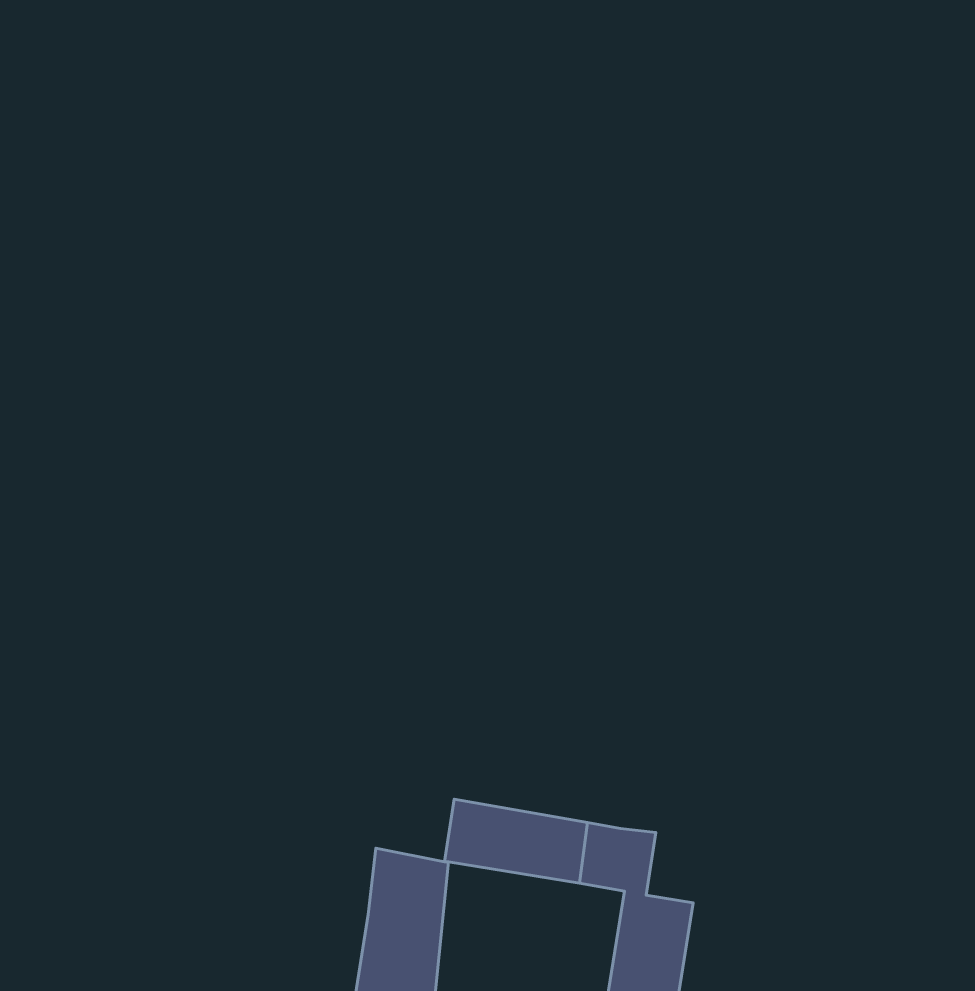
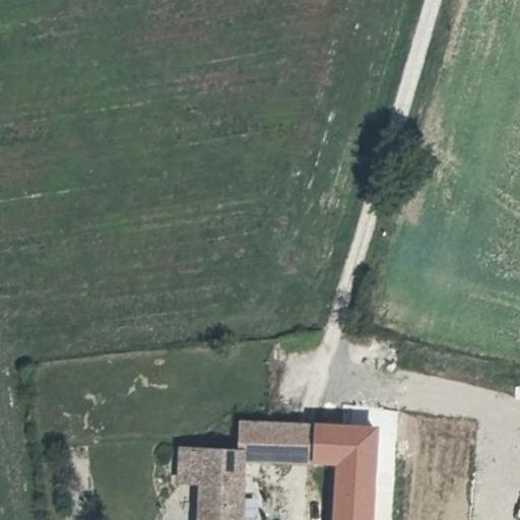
building: none -> [348,437,377,473]
building: none -> [178,441,208,479]

